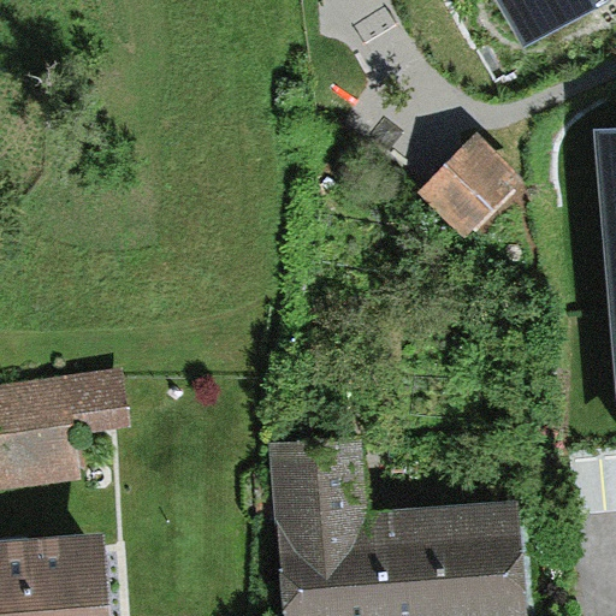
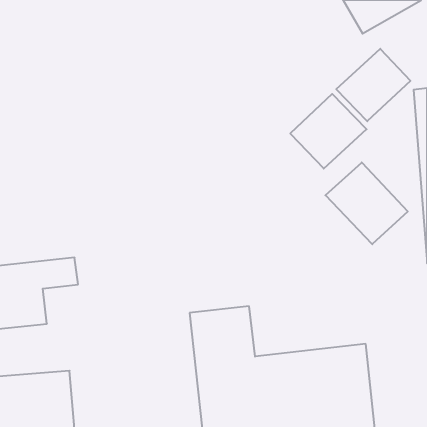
building: none -> [336,49,410,121]
building: none -> [325,162,408,244]

